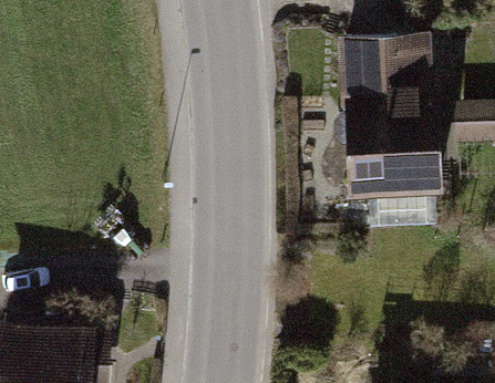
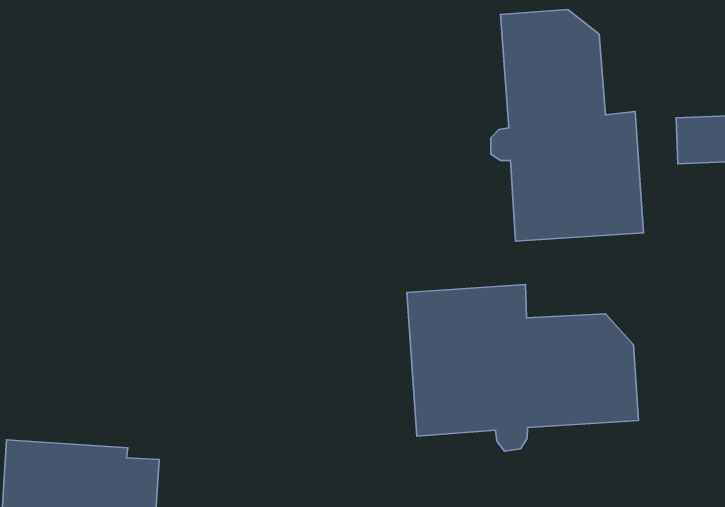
building: none -> [407,284,638,451]

